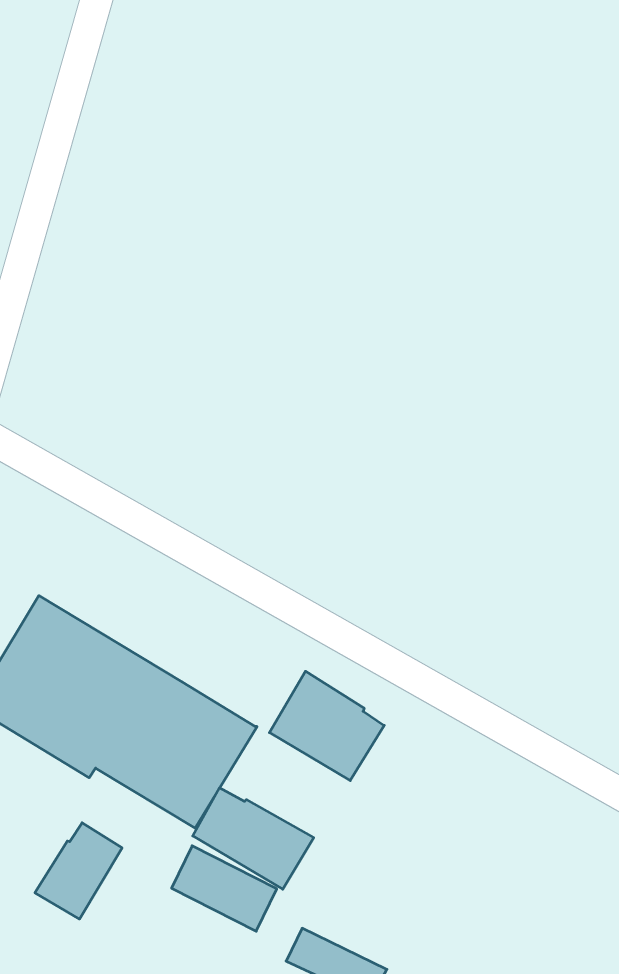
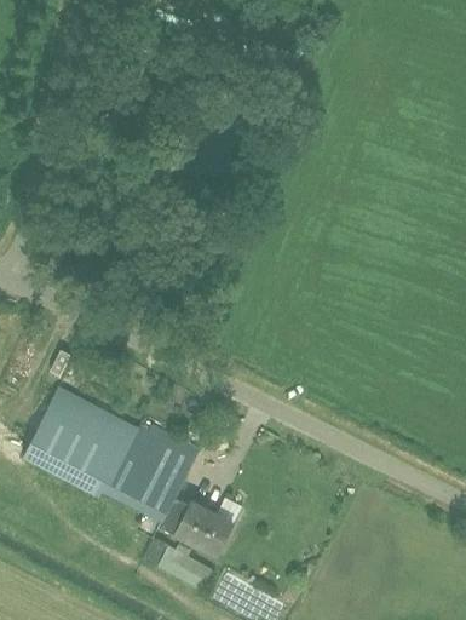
building: [269,671,384,781] -> none
building: [35,823,122,919] -> none

